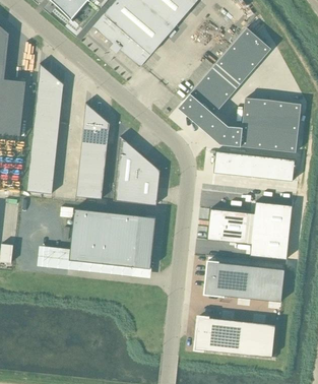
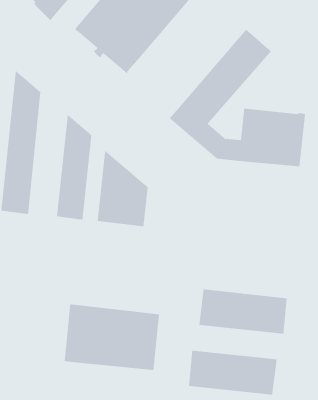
building: [213,150,295,181] -> none
building: [207,201,292,259] -> none
building: [69,208,155,268] -> [64,304,160,371]

